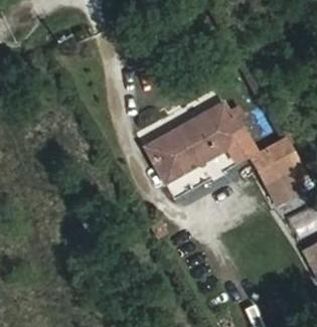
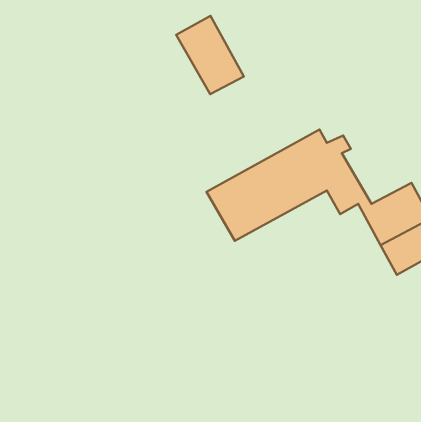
building: none -> [176,16,244,94]

